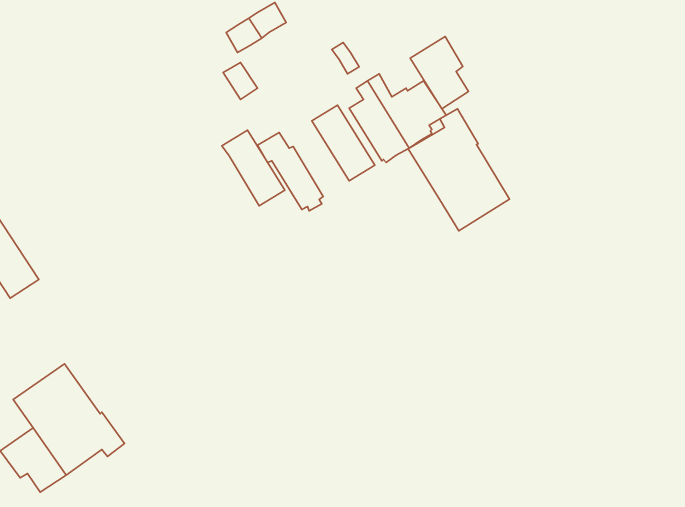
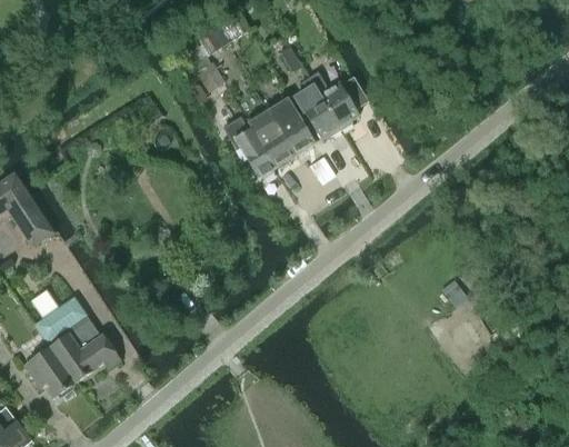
building: [410,36,469,109] -> none
building: [408,109,510,231] -> none
building: [222,130,285,206] -> [246,108,295,167]

